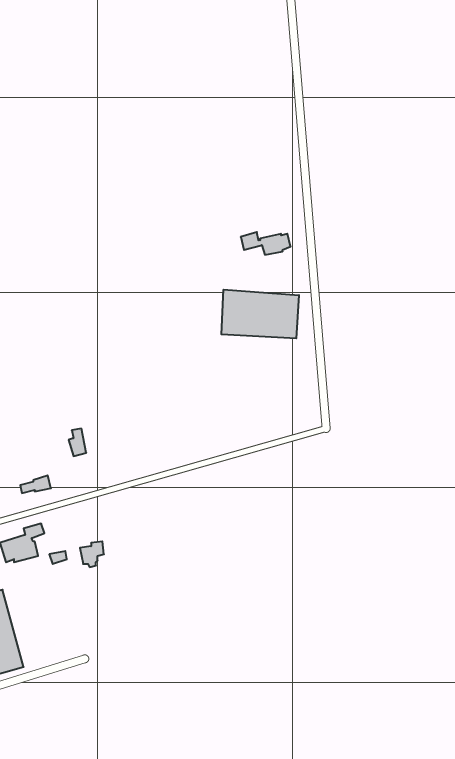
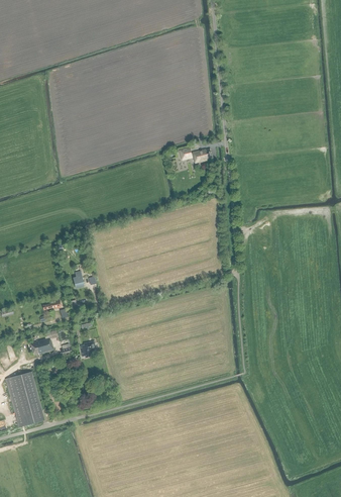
building: [221,290,299,338] -> none

